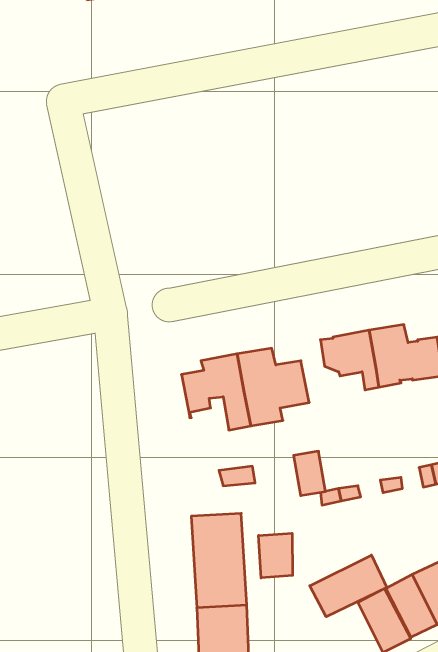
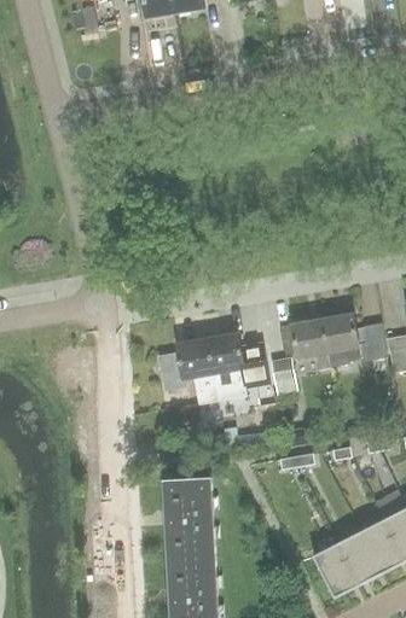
building: [294,451,326,496] -> [269,356,297,395]
building: [259,533,293,578] -> none
building: [310,555,387,617] -> none

